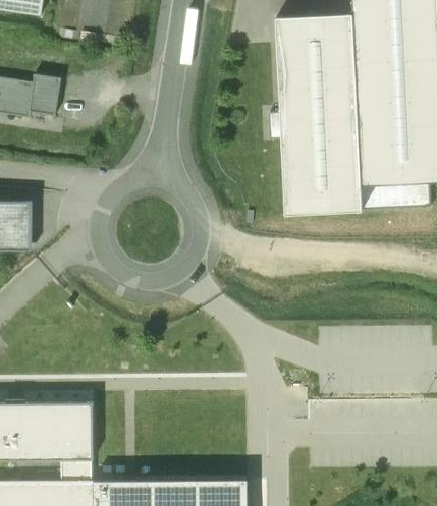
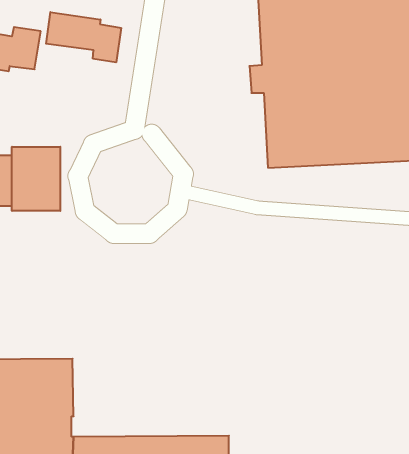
building: none -> [46,12,121,62]
building: none -> [12,147,60,211]

